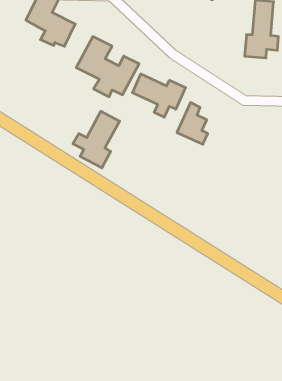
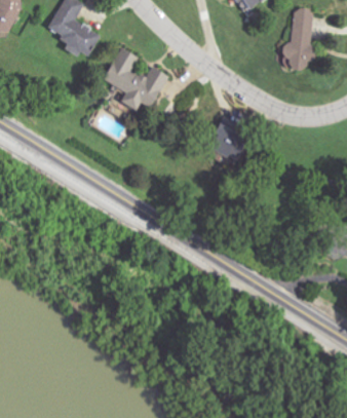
building: [132,74,186,117] -> none
building: [73,111,120,168] -> none

